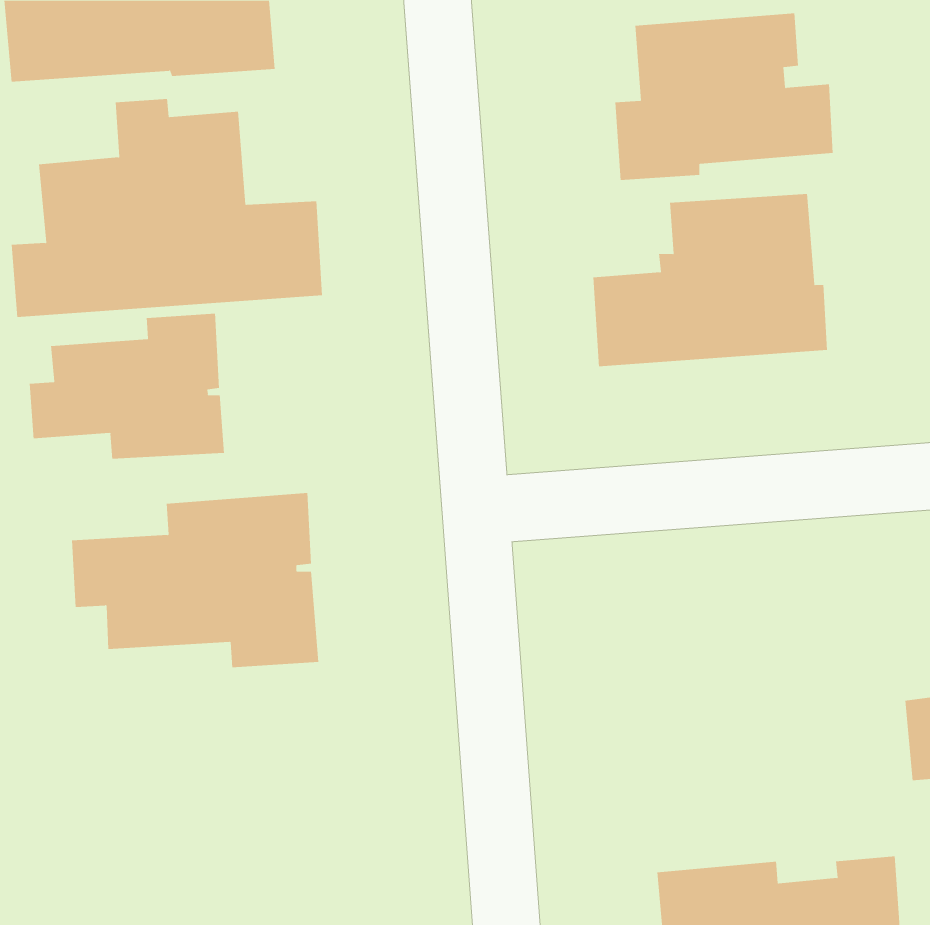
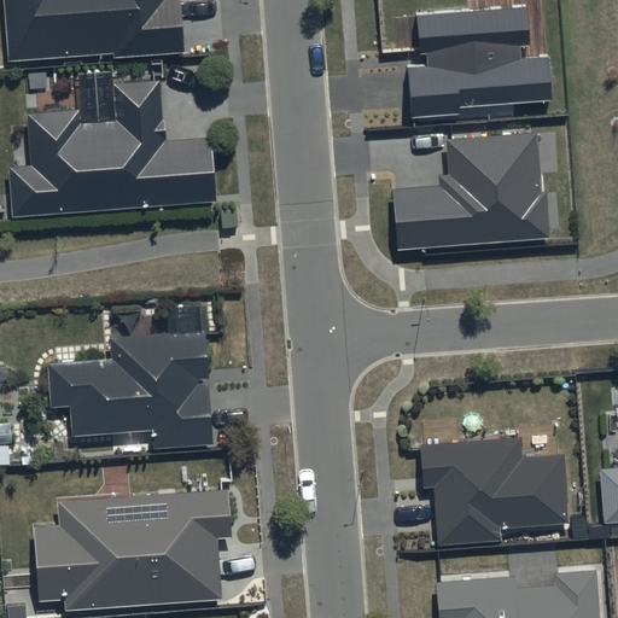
building: [29,313,225,459] -> none
building: none -> [420,439,566,543]
building: none -> [34,489,231,610]

